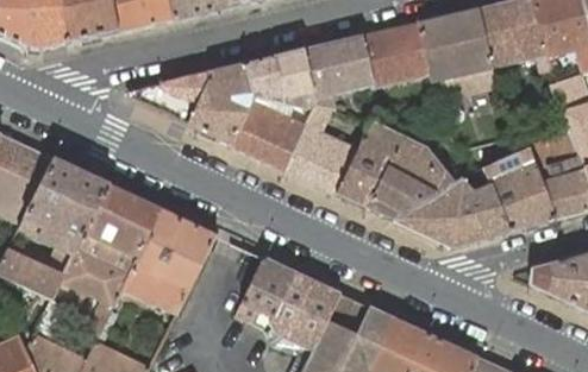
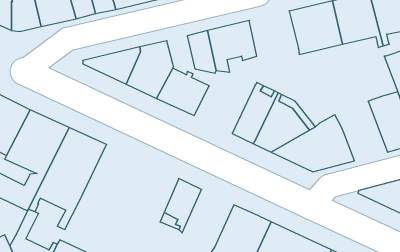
building: [361,21,430,87] -> none
building: [245,56,284,102] -> none
building: [283,105,358,193] -> none
building: [481,147,555,231] -> none
building: [123,208,217,311] -> none
building: [267,271,339,352] -> none

